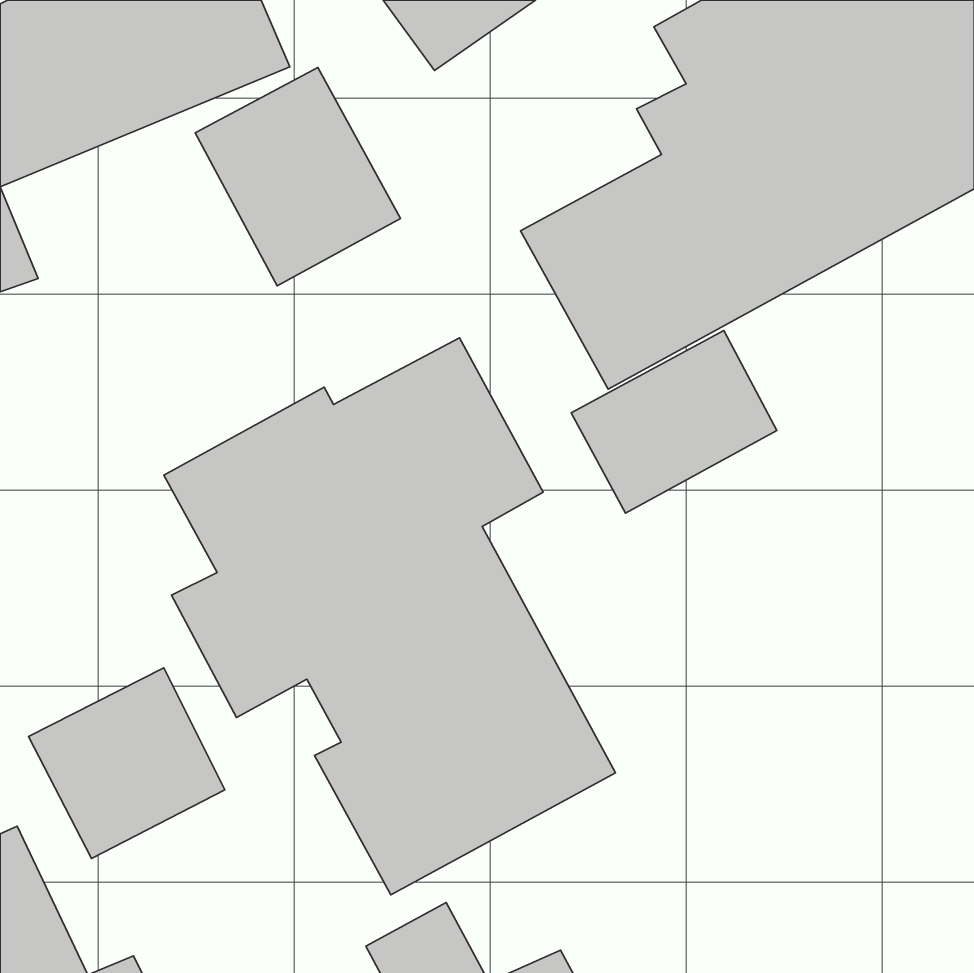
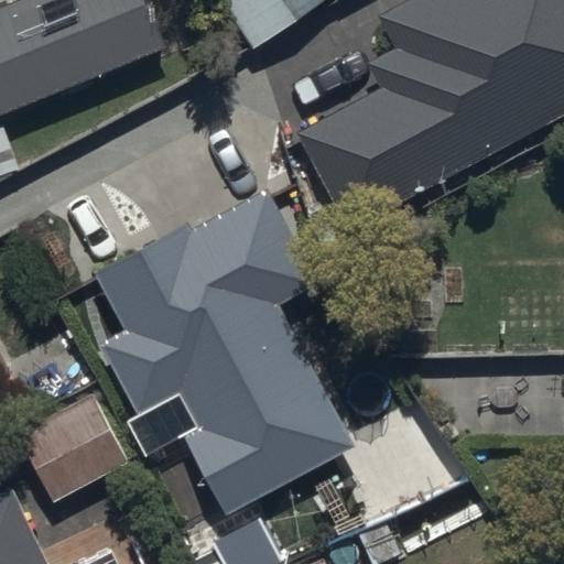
building: [195,68,401,286] -> none
building: [571,331,777,513] -> none

